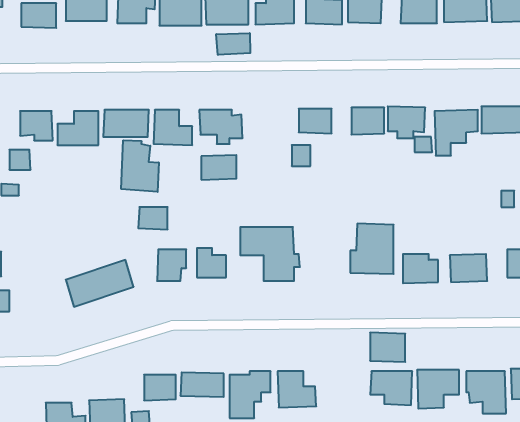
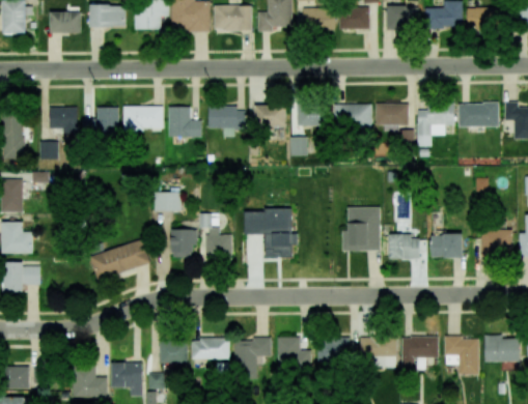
building: [216,33,250,55] -> none
building: [121,140,159,192] -> none
building: [201,155,236,180] -> [254,106,285,127]
building: [370,333,405,362] -> [317,338,349,364]

